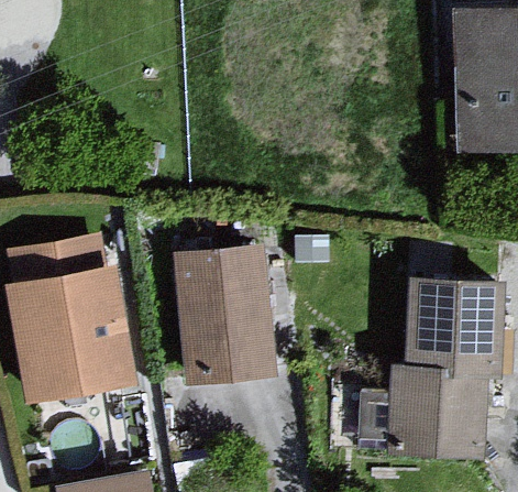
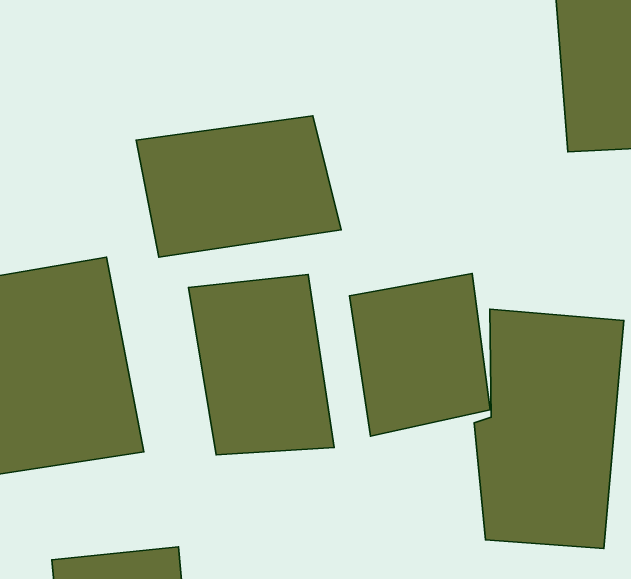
building: none -> [136,116,341,257]
building: none -> [349,273,490,436]

